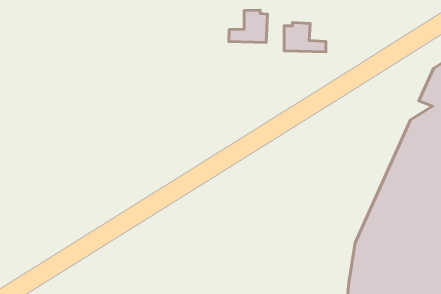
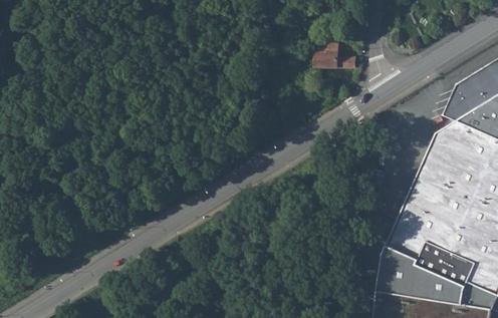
building: [229,10,267,42] -> none

